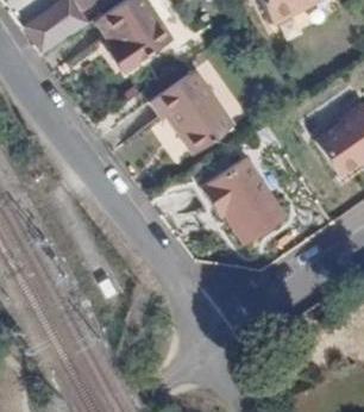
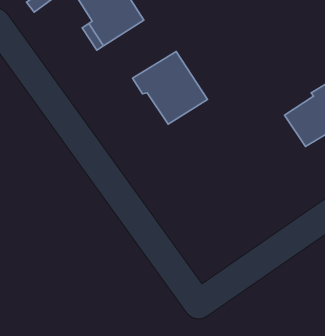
building: [194,158,281,243] -> none

